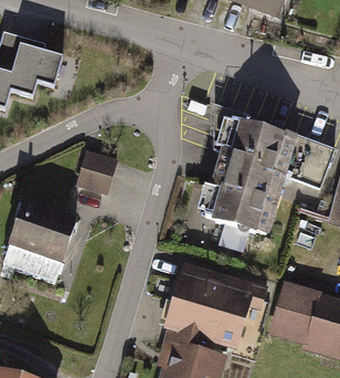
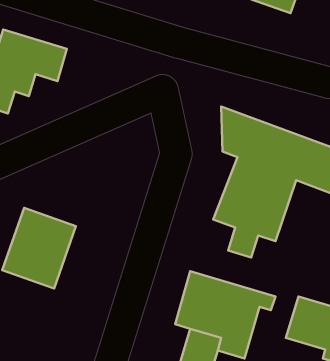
building: [74,147,117,192] -> none

